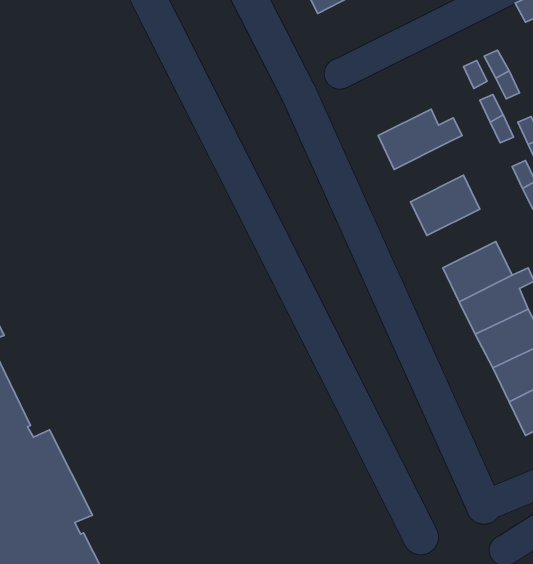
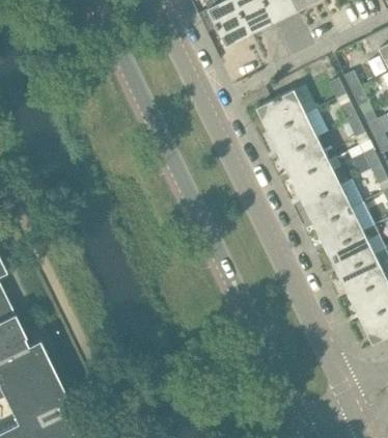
building: none -> [256,89,306,132]
building: none -> [280,137,329,179]
building: none -> [303,184,352,225]

